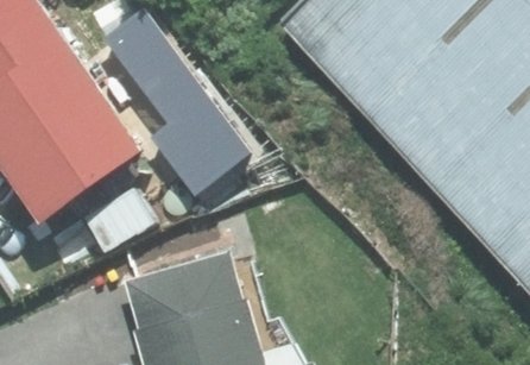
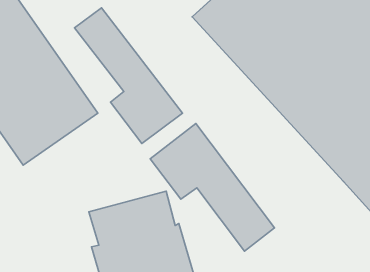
building: none -> [150,124,274,251]

